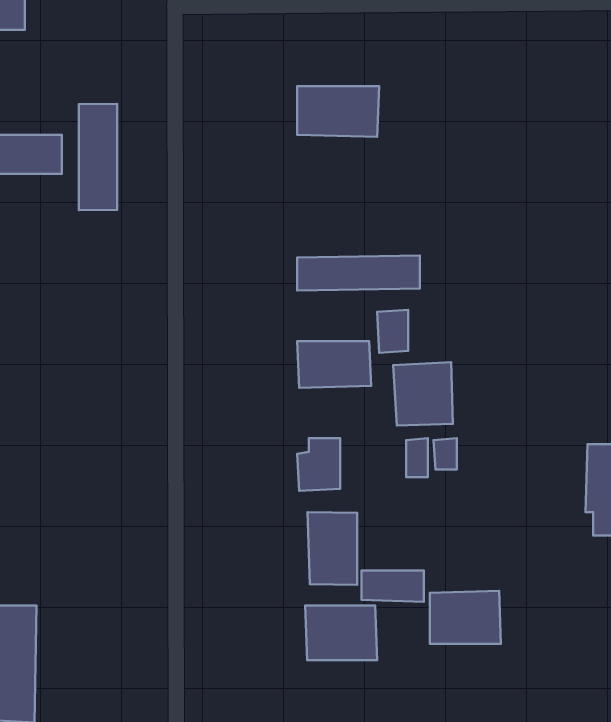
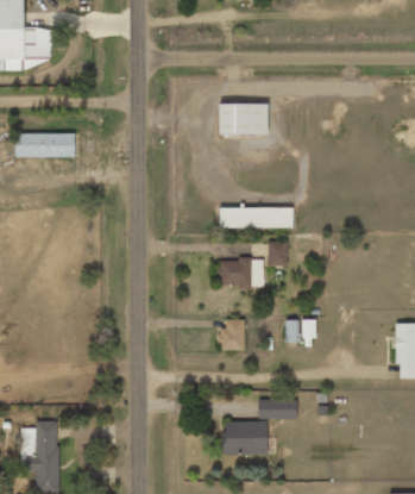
building: [79,104,117,210] -> none
building: [393,362,453,425] -> none
building: [308,512,357,585] -> none
building: [430,591,501,644] -> none

